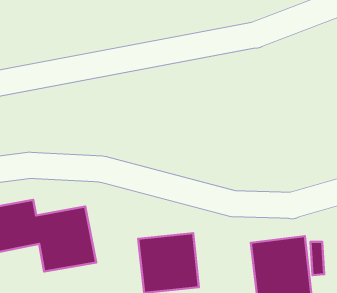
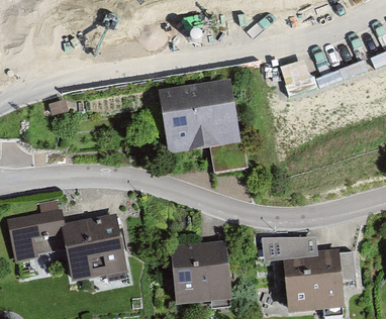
building: none -> [158,78,246,172]

